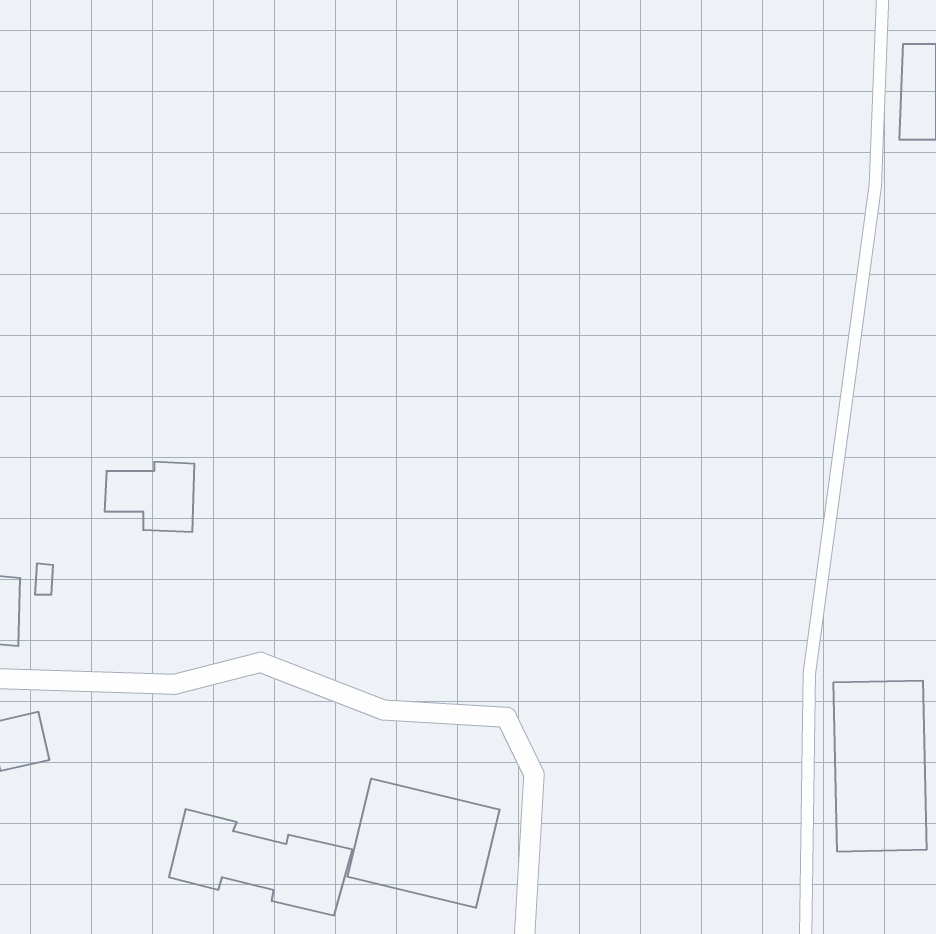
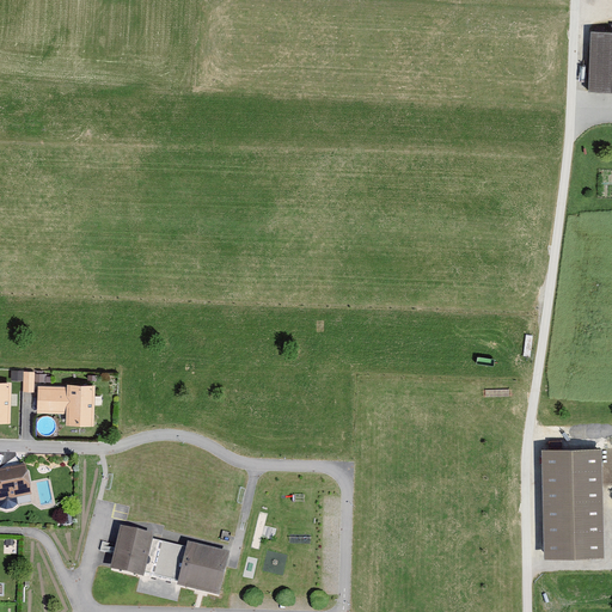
building: [105,462,194,532] -> [37,380,96,426]
building: [348,778,500,908] -> none

